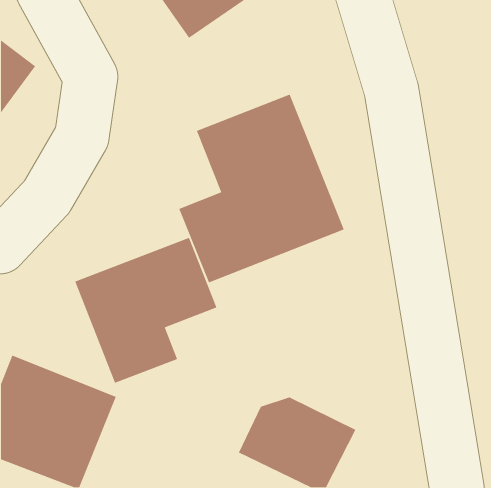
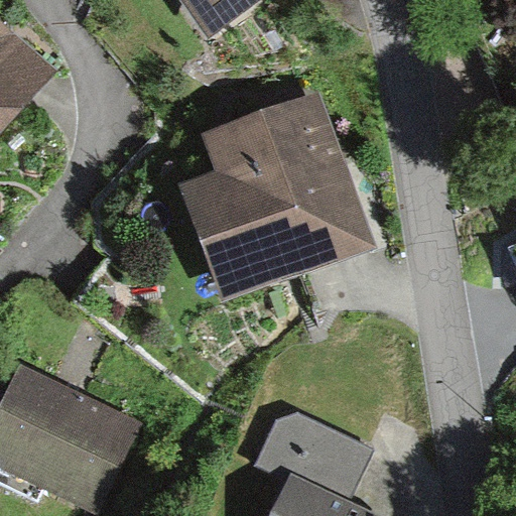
building: [74,237,217,384] -> none

